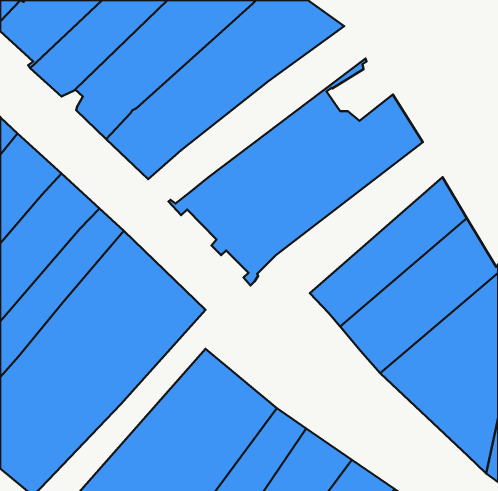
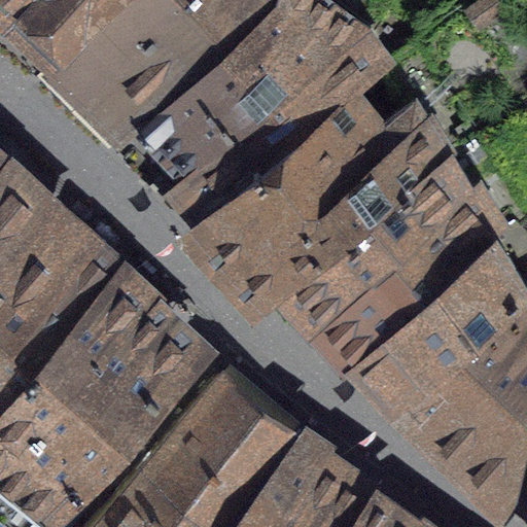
building: none -> [156,35,386,222]
building: none -> [291,157,467,317]

